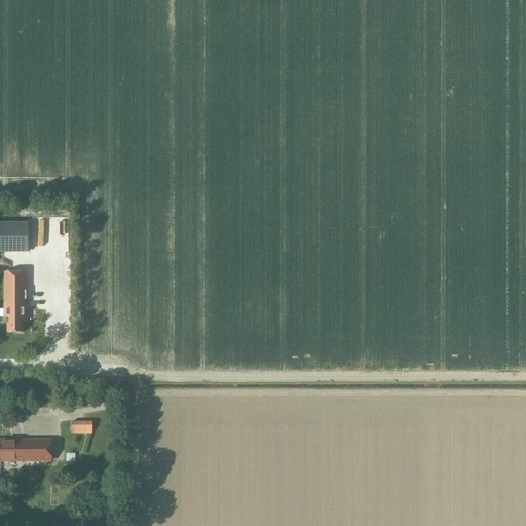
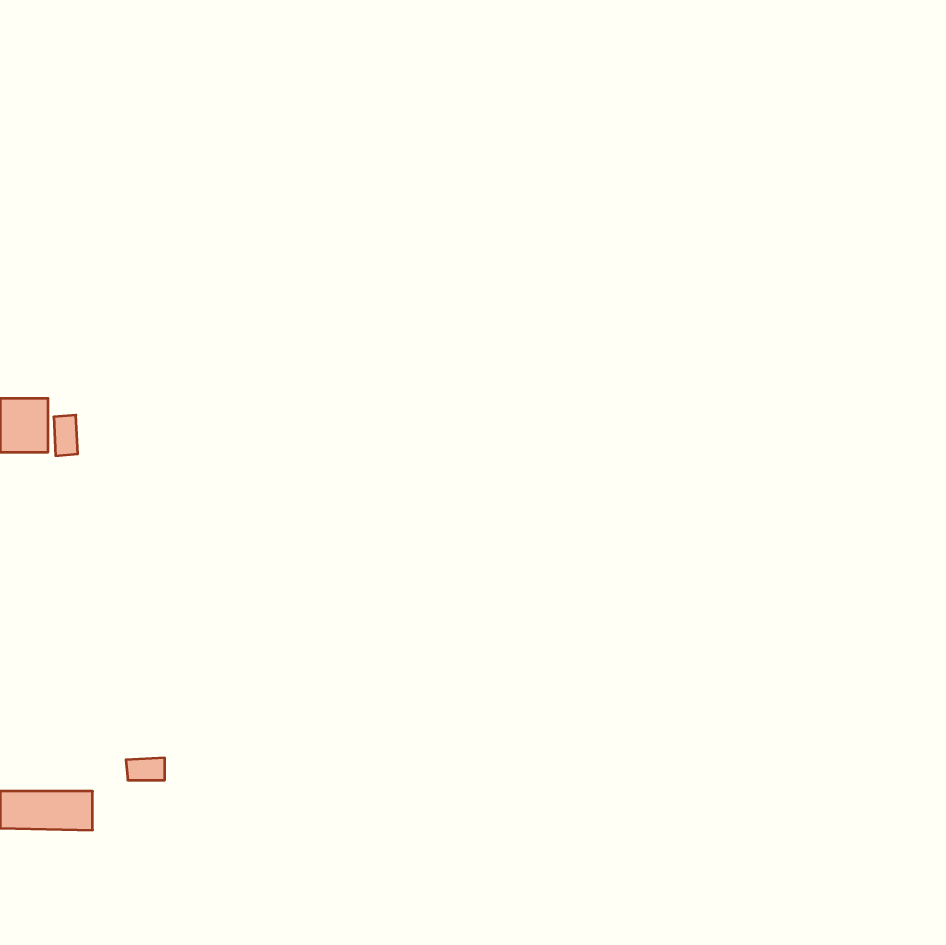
building: [4,271,25,331] -> none

